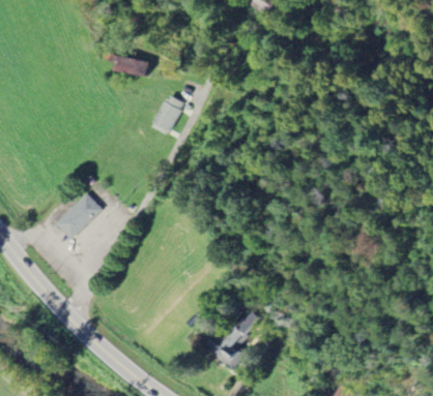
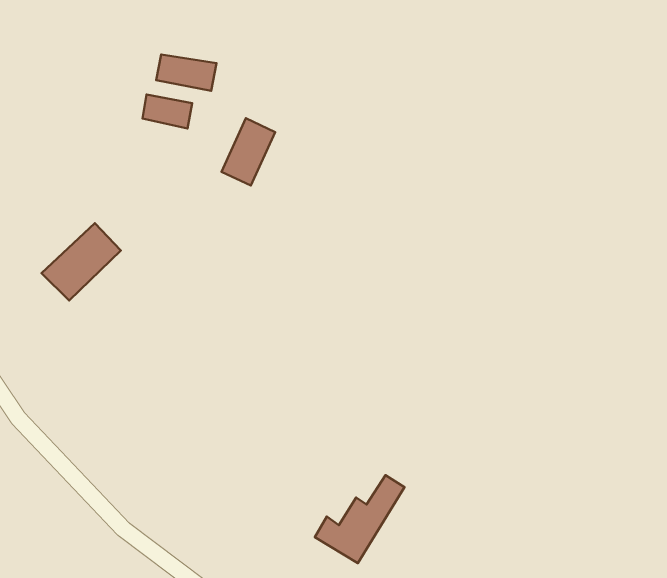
building: none -> [142,95,192,129]
building: [57,191,105,238] -> [41,223,121,301]

